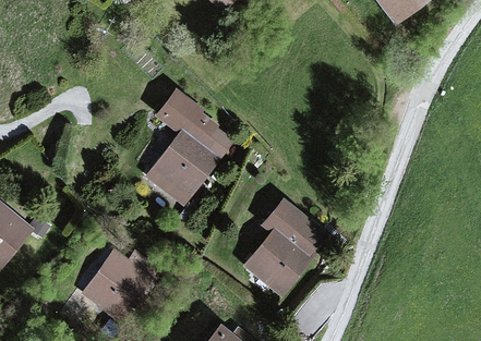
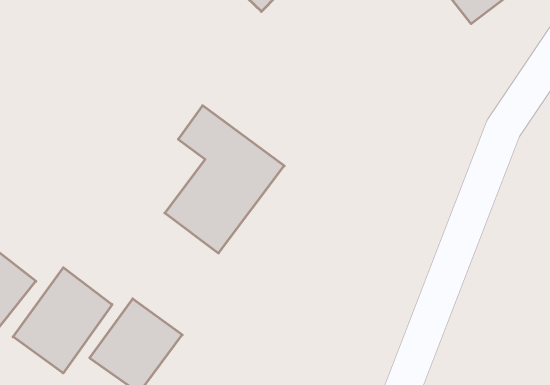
building: [241,195,336,302] -> none
building: none -> [13,268,112,373]

